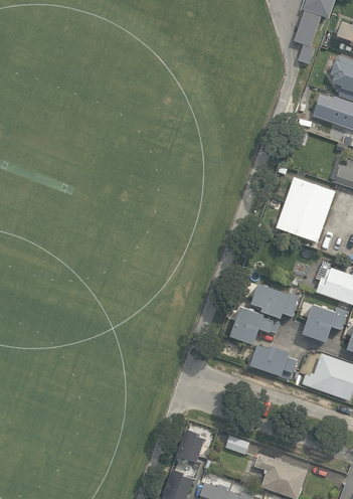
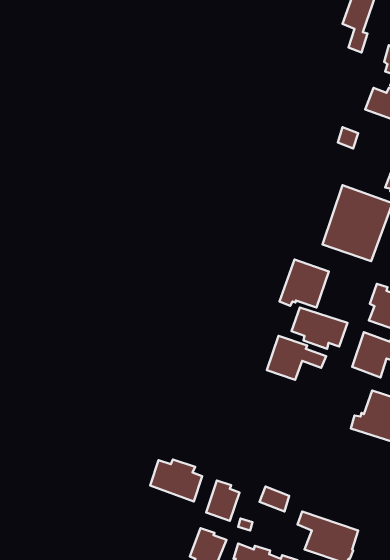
building: none -> [279,259,329,307]
building: [249,343,297,375] -> none
building: none -> [150,459,202,501]

